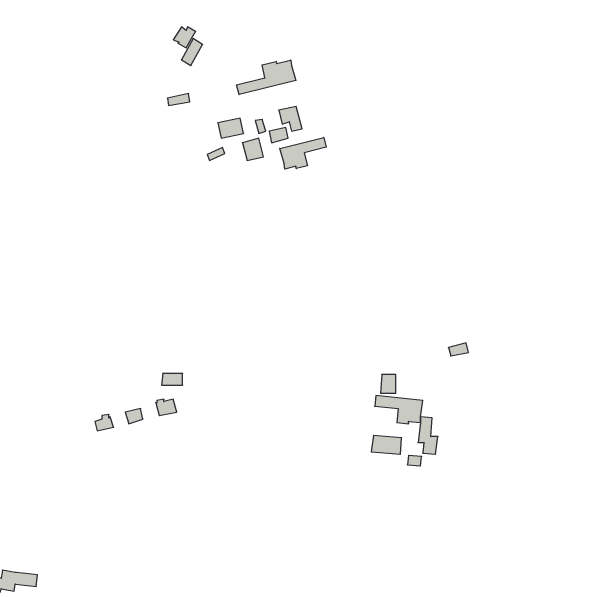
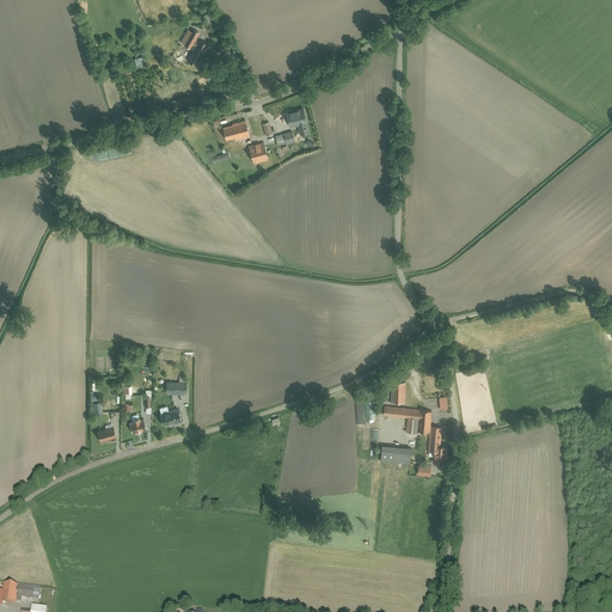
building: [237,60,296,95] -> none
building: [280,137,326,169] -> none

